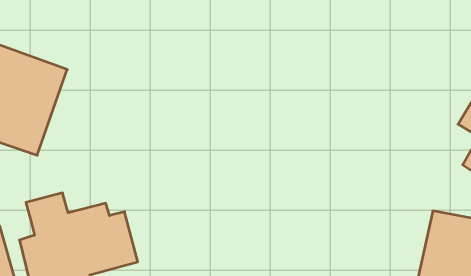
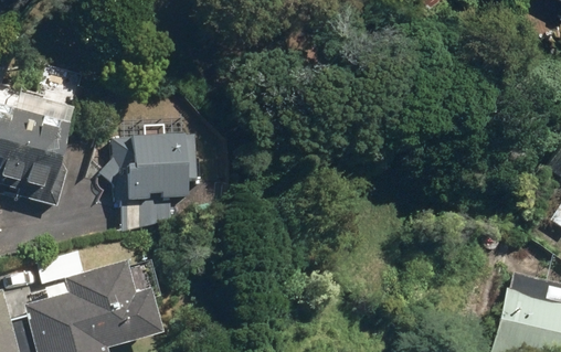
building: none -> [100,136,201,233]

